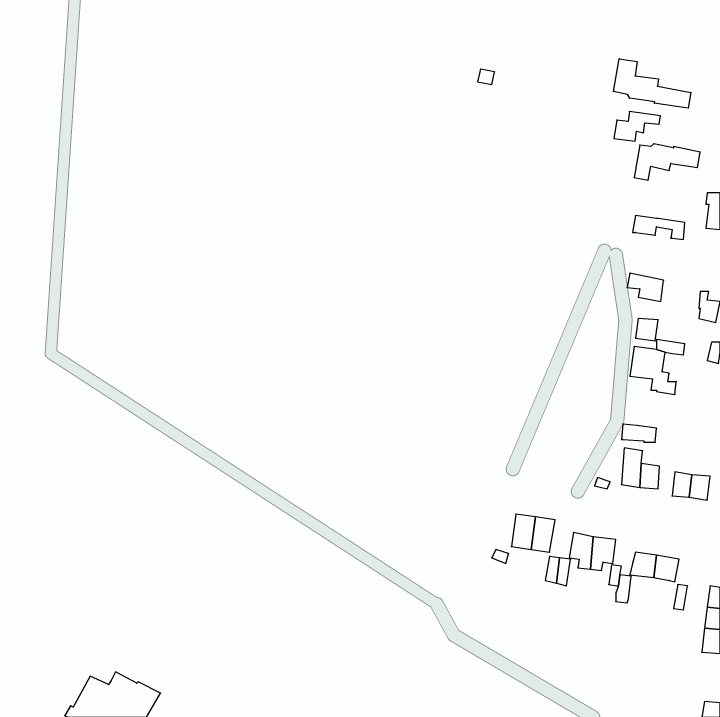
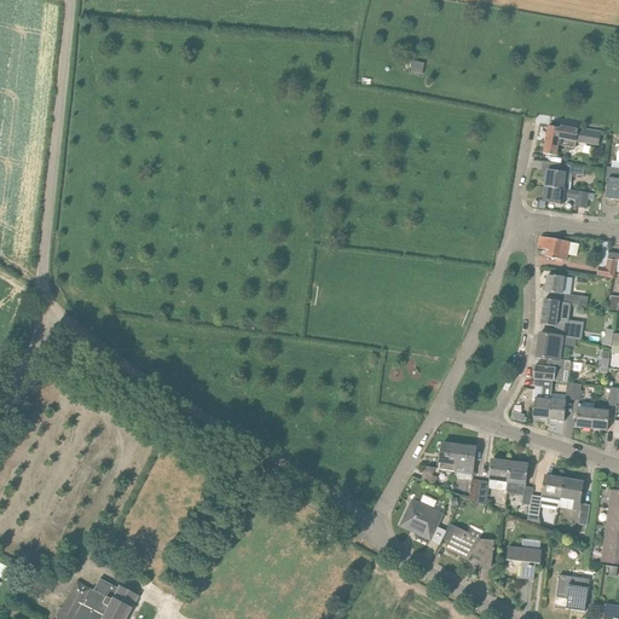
building: [614,59,691,108] -> none
building: [614,112,660,141] -> [545,162,585,187]
building: none -> [537,332,565,368]
building: none -> [401,498,442,539]
building: none -> [442,522,494,567]
building: none -> [507,545,542,578]
building: none -> [556,573,588,609]

